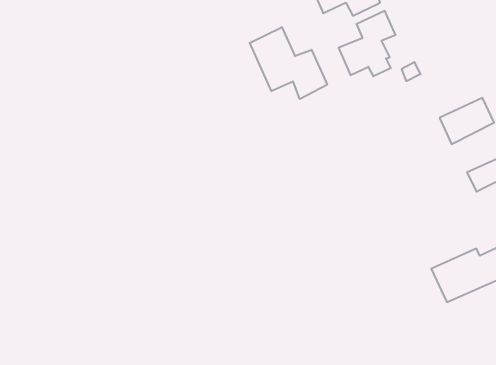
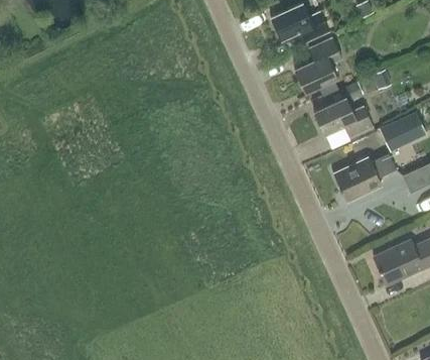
building: [250,27,327,99] -> none
building: none -> [313,97,373,137]
building: none -> [333,154,396,201]

